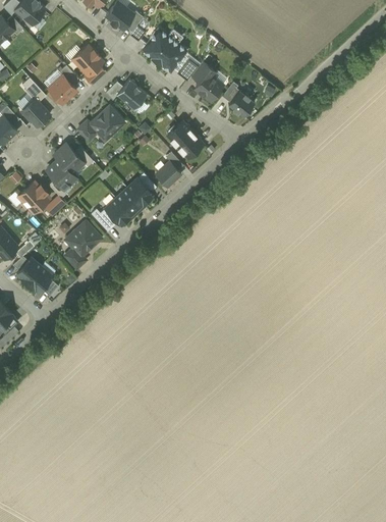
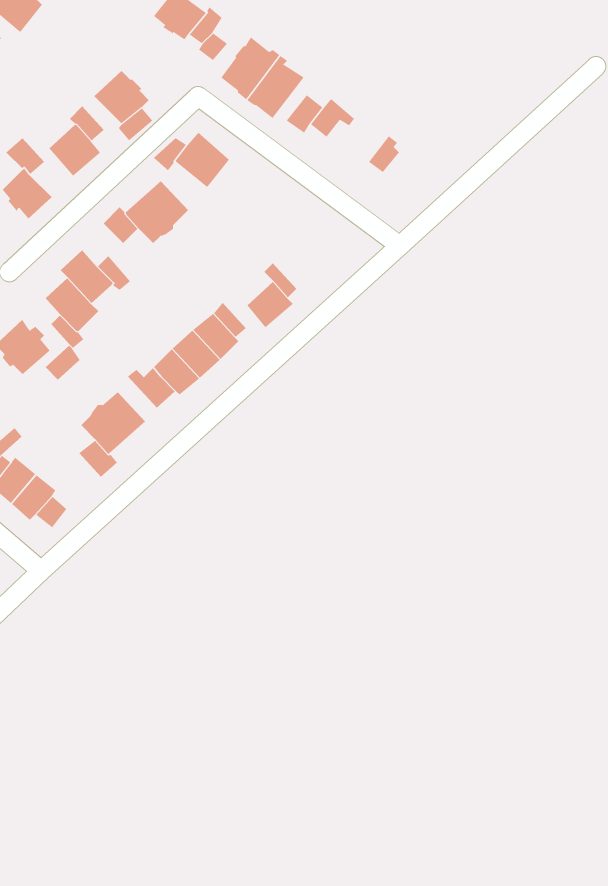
building: [195,73,222,101] -> none
building: [228,91,255,117] -> none
building: [167,121,203,158] -> none

